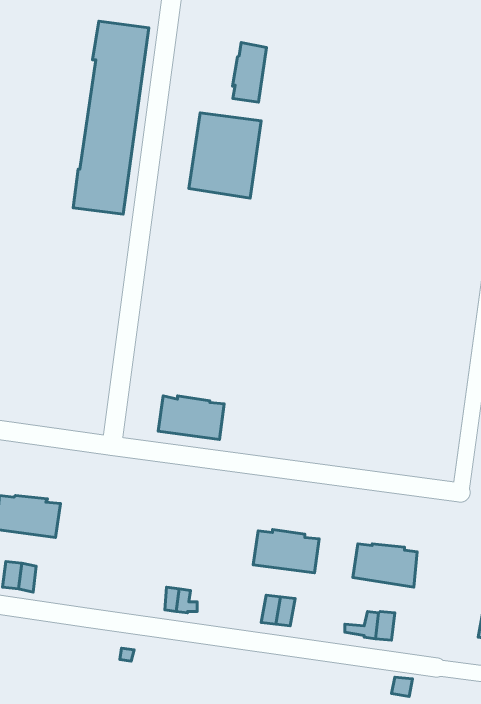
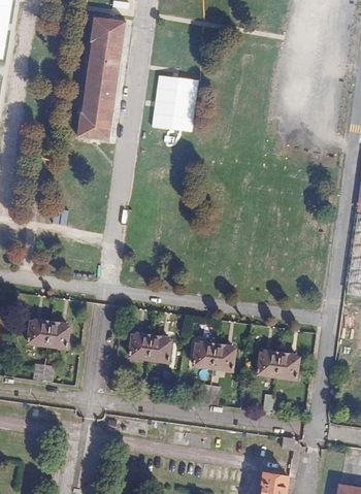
building: [232,43,267,102] -> none
building: [158,396,224,439] -> [129,334,171,362]

